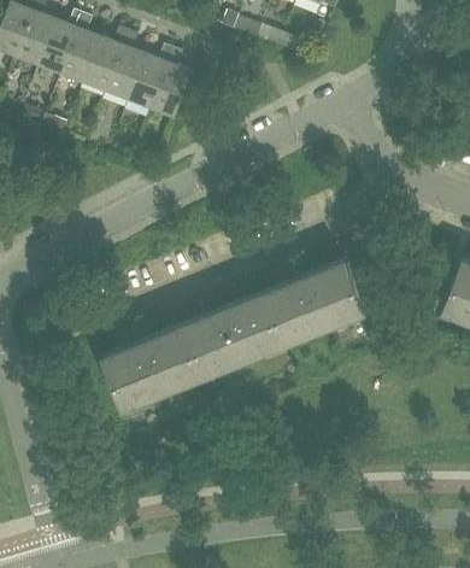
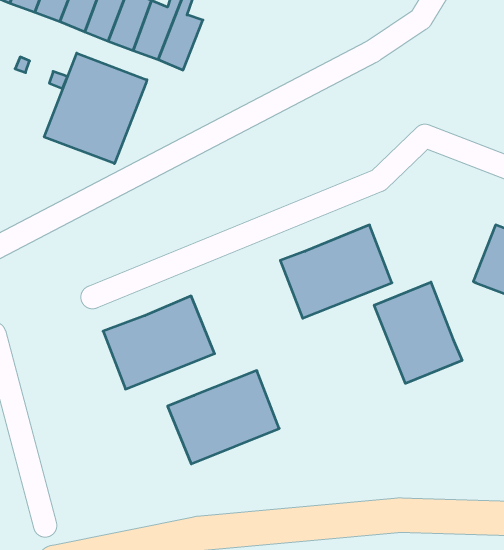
building: none -> [44,53,147,164]
building: [181,291,283,376] -> [168,371,279,464]
building: none -> [374,282,462,383]

